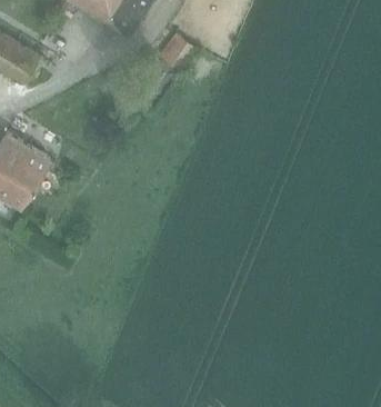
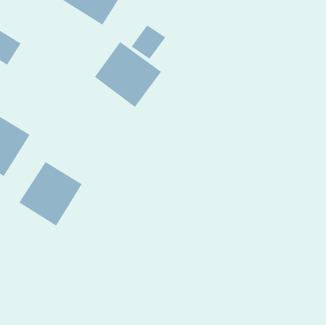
building: none -> [94,41,162,108]
building: none -> [19,161,82,226]

